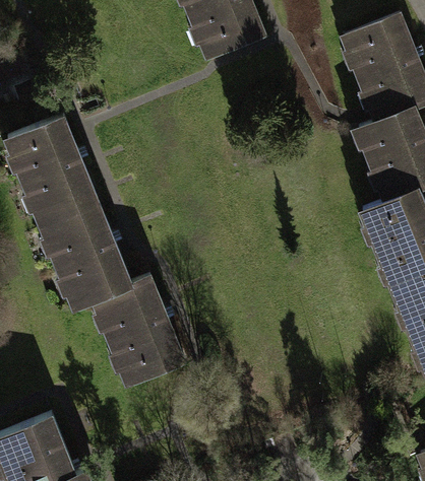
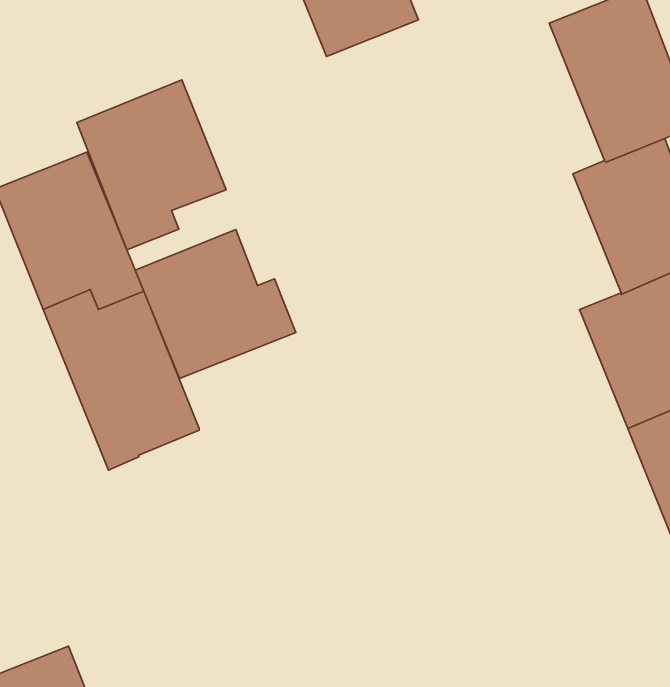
building: none -> [77,80,226,250]
building: none -> [135,229,296,379]
building: [94,277,183,385] -> none

